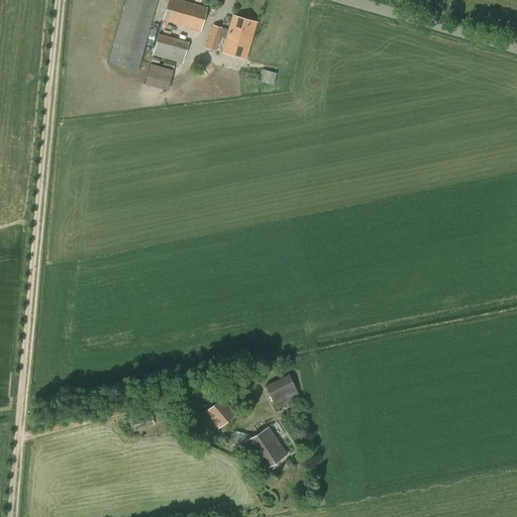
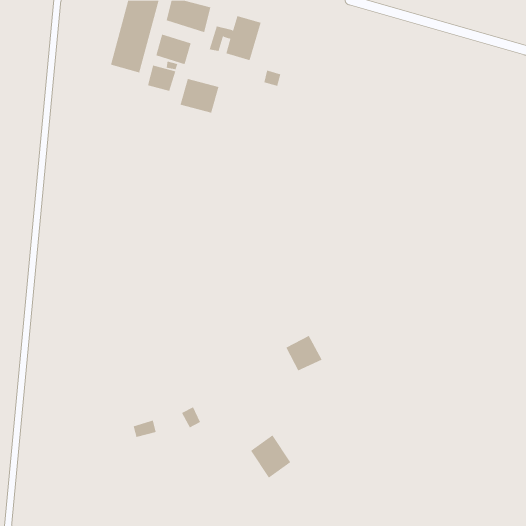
building: none -> [180,78,219,113]
building: [265,374,301,409] -> [286,335,323,371]
building: [206,398,233,426] -> none

